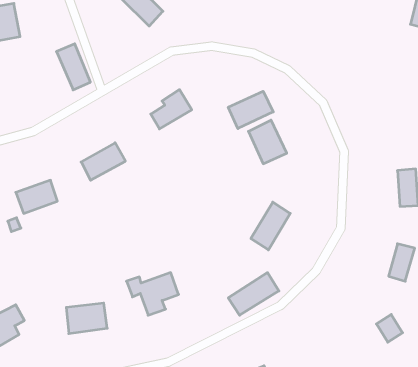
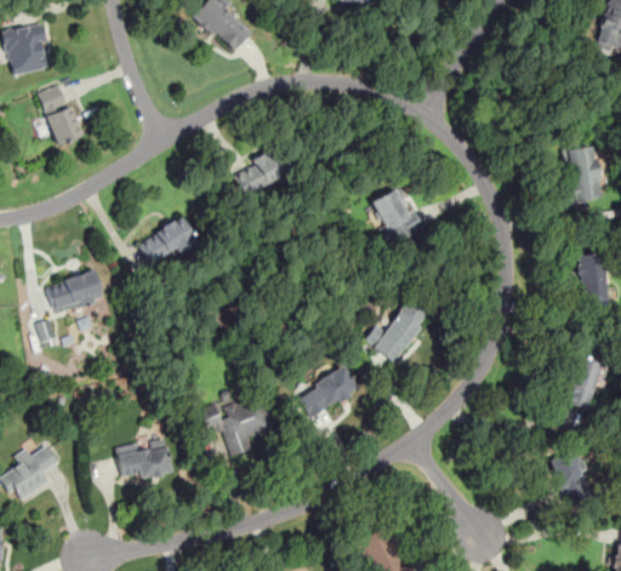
building: [56,44,90,90] -> [36,82,84,147]
building: [228,91,273,129] -> none
building: none -> [563,145,600,201]
building: [228,273,279,315] -> [291,362,361,422]

